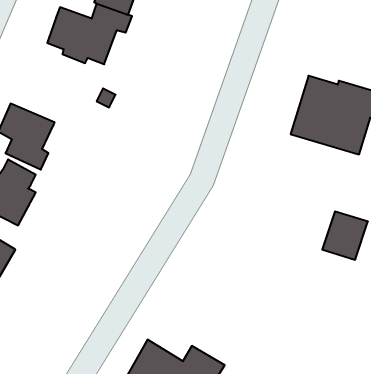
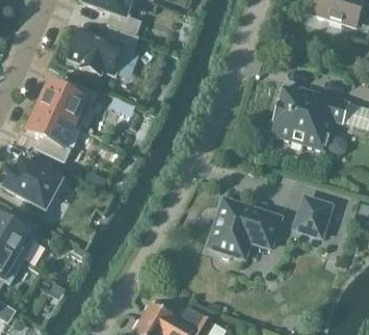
building: none -> [37,80,96,129]
building: none -> [208,200,280,259]

